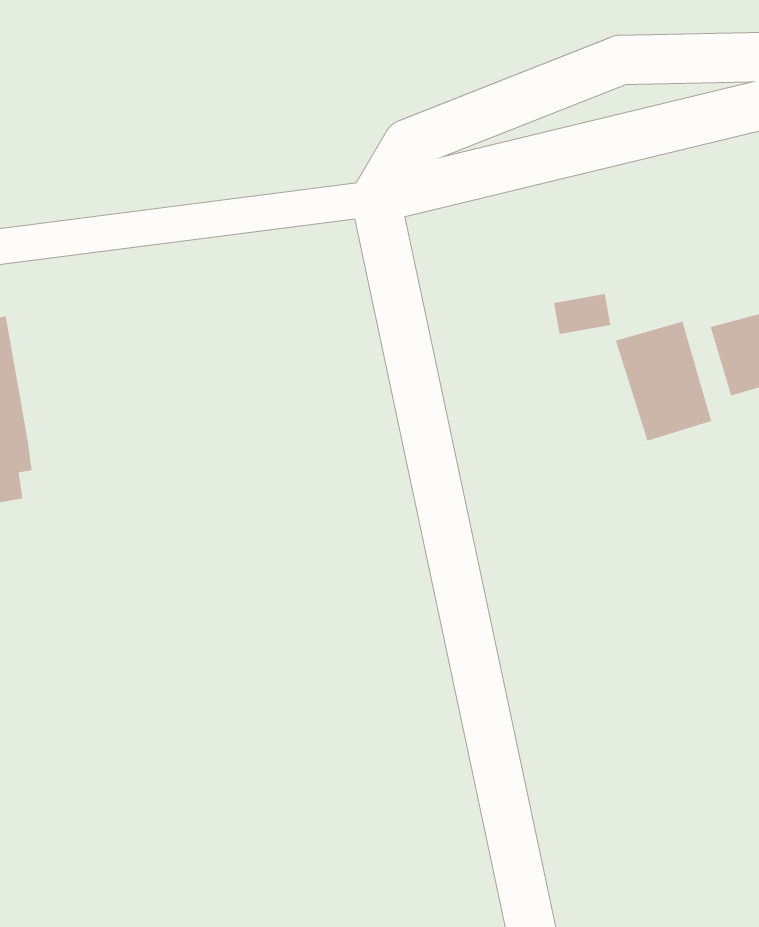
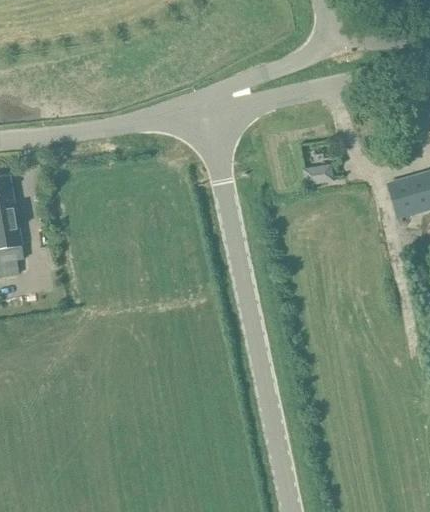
building: [615,321,712,441] -> none

